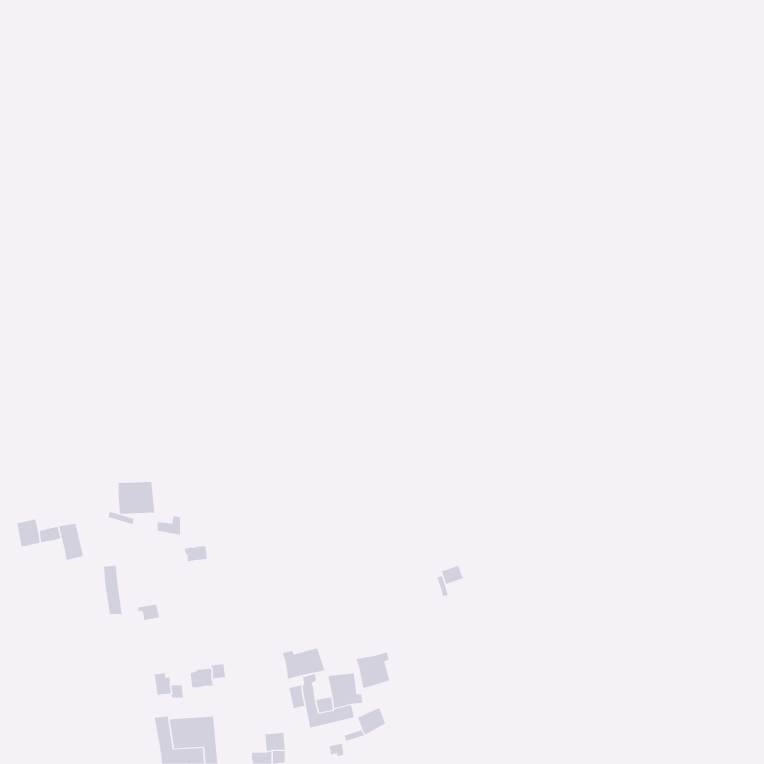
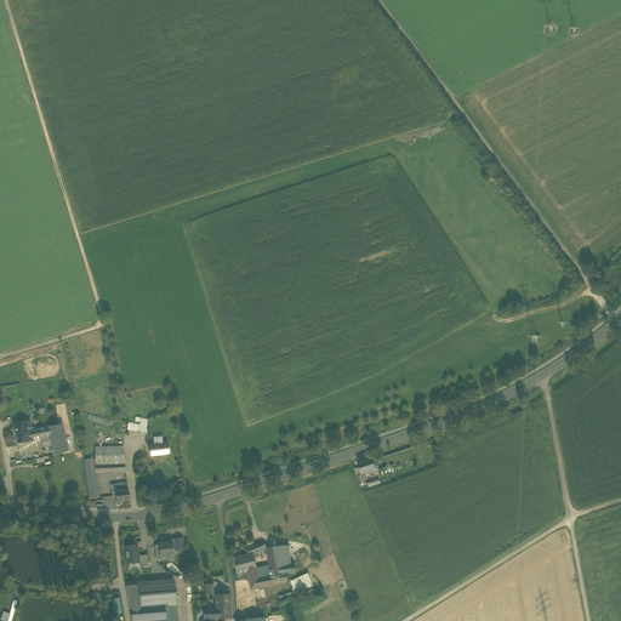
building: [118,481,155,514] -> [95,446,125,473]
building: [282,648,325,679] -> none
building: [356,652,390,689] -> none

